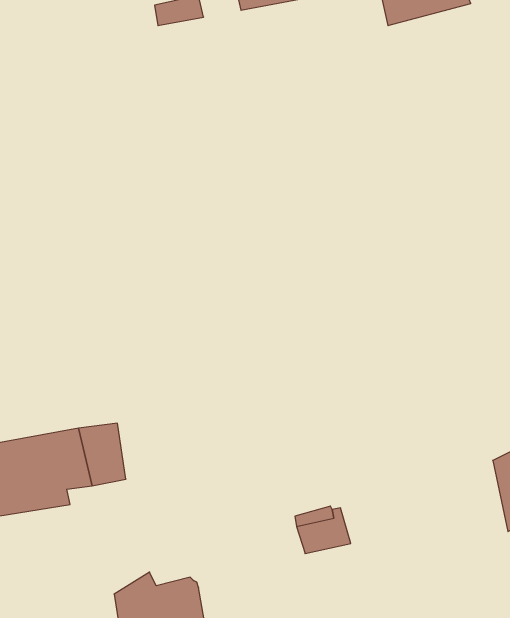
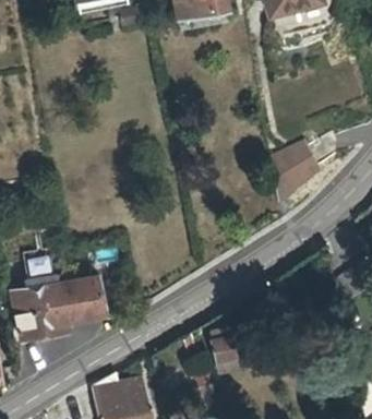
building: none -> [273,140,320,196]

